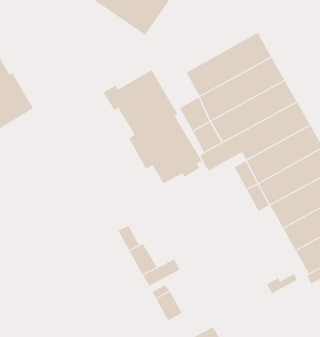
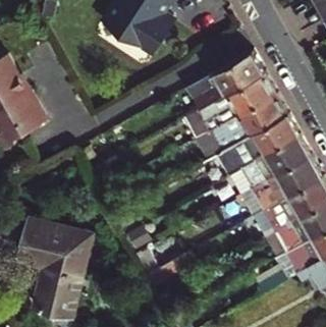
building: [103,69,202,184] -> none
building: none -> [20,218,93,314]

